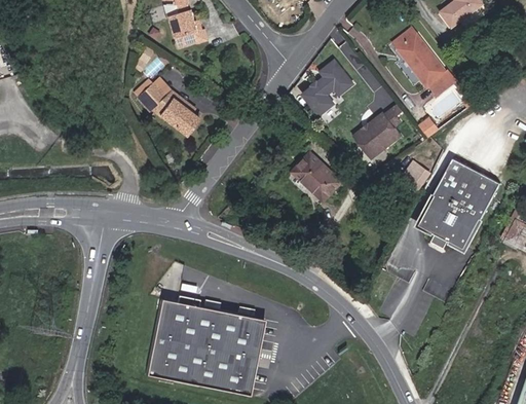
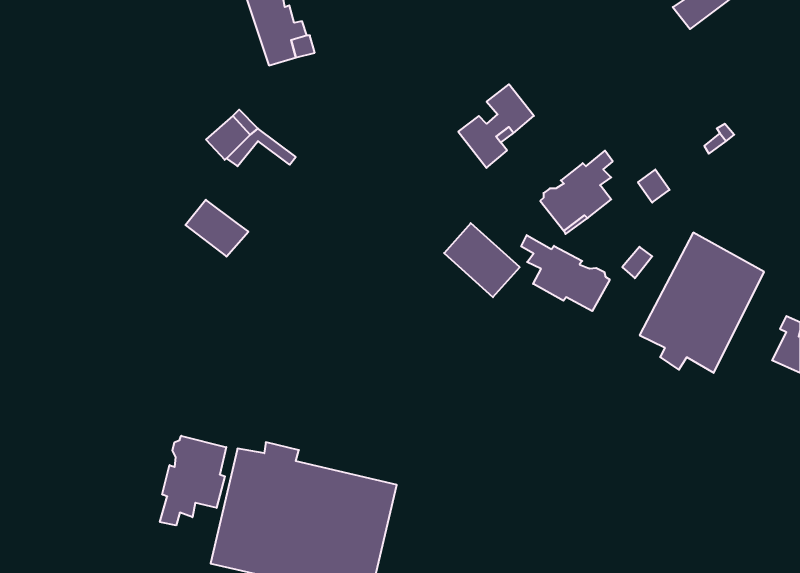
building: [398,33,455,95] -> none
building: [157,98,198,135] -> [185,200,248,257]
building: none -> [521,235,610,311]
building: none -> [160,436,226,525]

